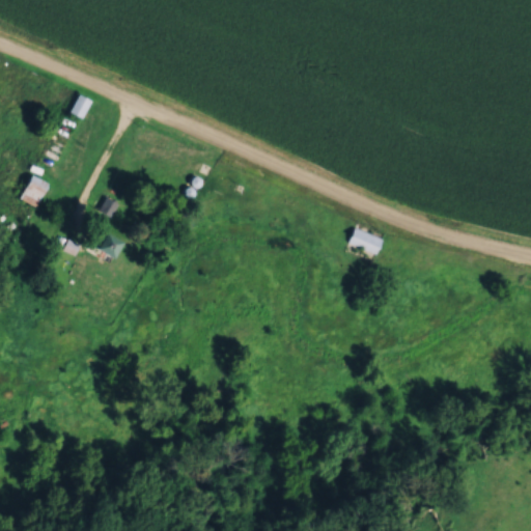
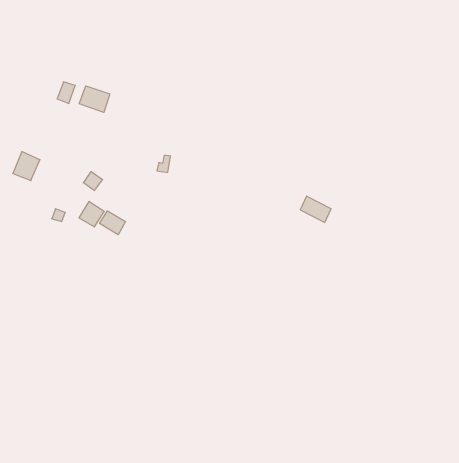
building: none -> [79,86,110,112]
building: none -> [100,211,126,235]

